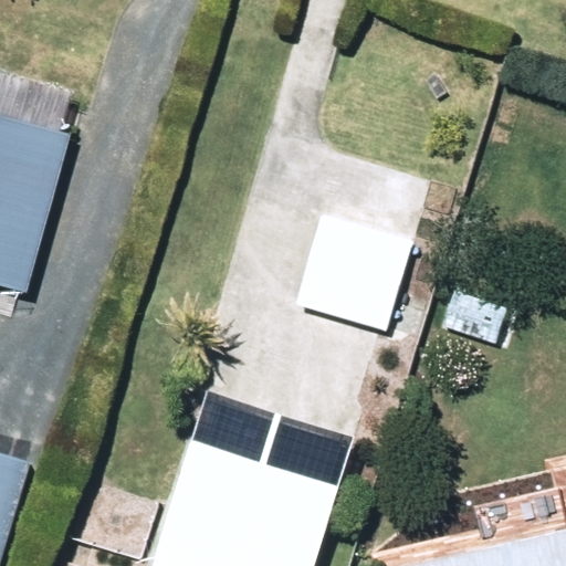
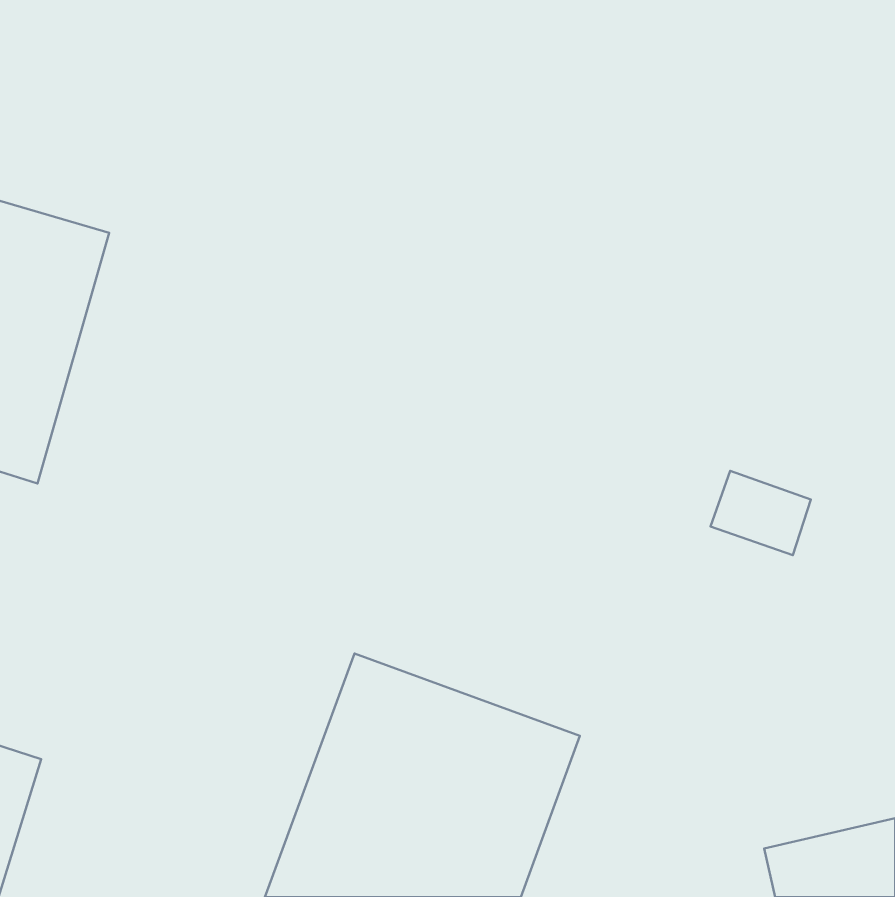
building: [293,211,409,334] -> none

